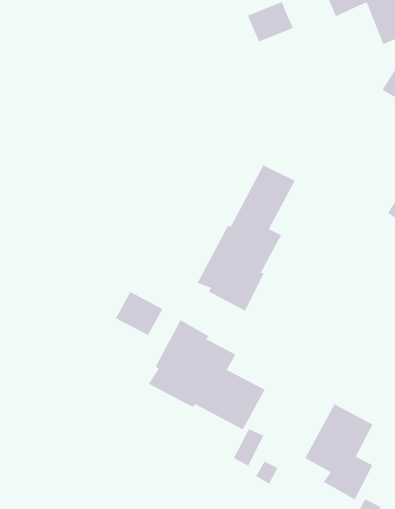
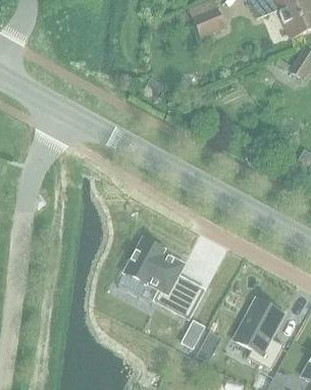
building: [197,164,296,311] -> none
building: [115,291,163,336] -> none

